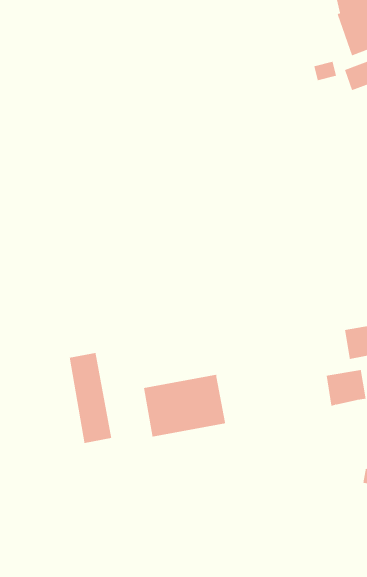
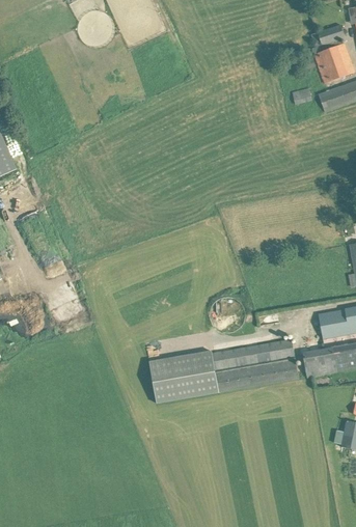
building: [69,352,112,444] -> none
building: none -> [210,338,297,391]

